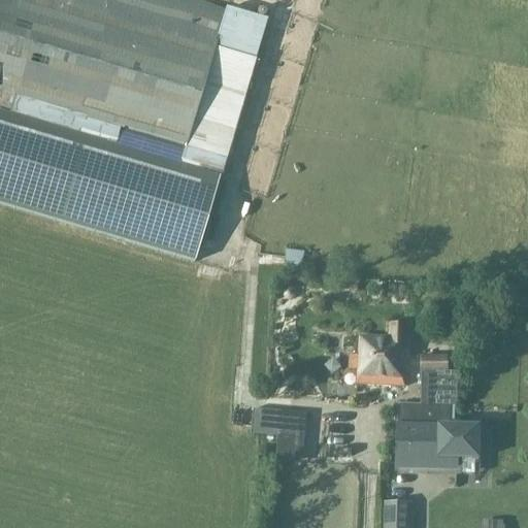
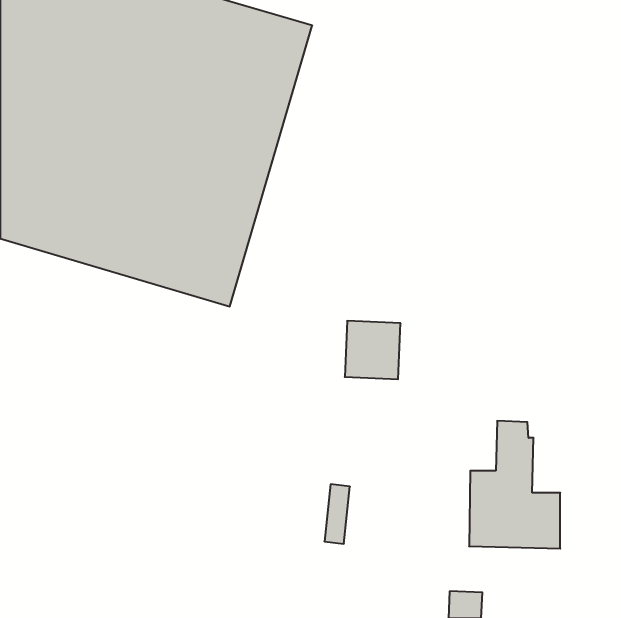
building: [361,332,408,382] -> [345,321,401,379]

